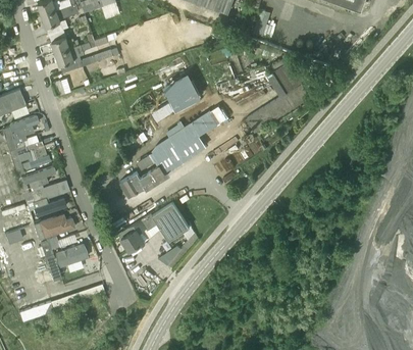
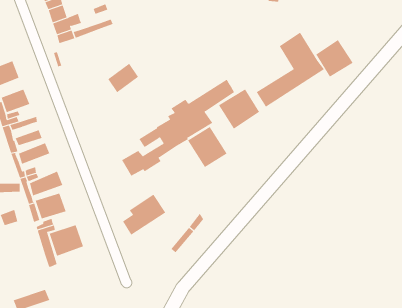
building: none -> [315,39,353,77]
building: [165,71,204,110] -> none
building: none -> [107,63,139,93]
building: none -> [218,88,260,129]
building: [152,202,190,241] -> [187,126,228,168]

